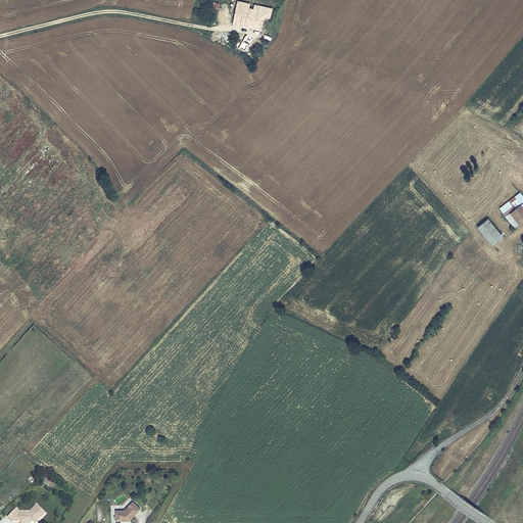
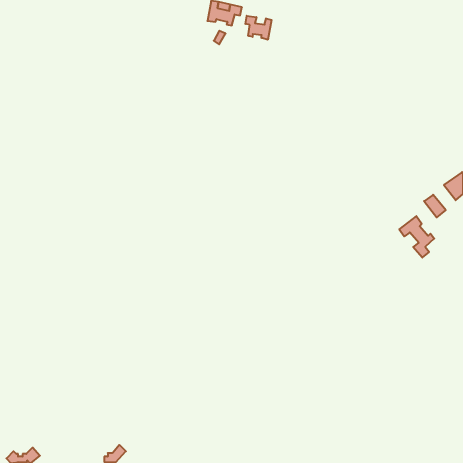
building: none -> [245,16,272,40]
building: none -> [399,216,434,258]

